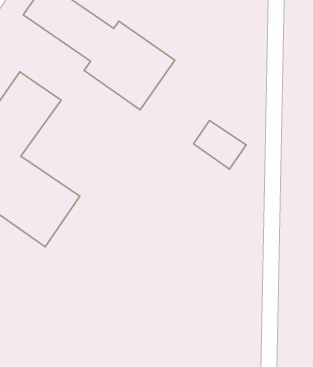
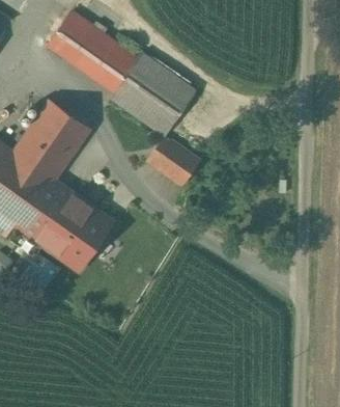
building: [194,120,246,169] -> [152,138,204,186]

